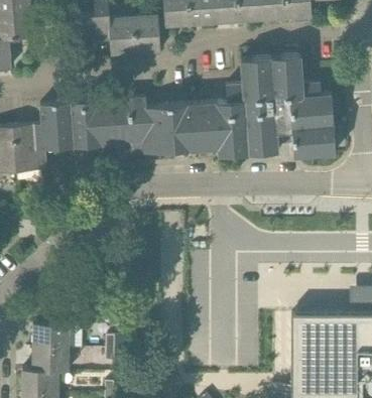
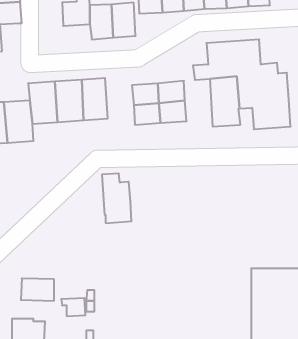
building: [126,97,159,152] -> [102,174,131,223]
building: [215,99,247,154] -> none
building: [31,347,69,371] -> none

